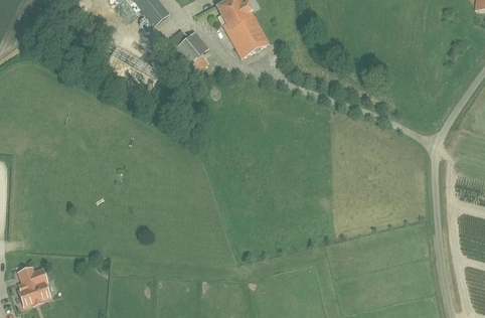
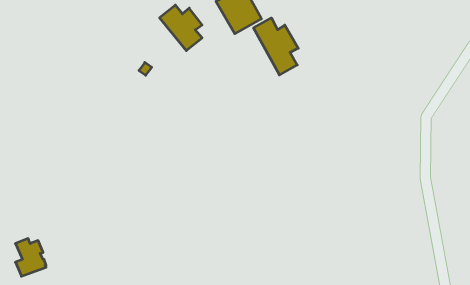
building: none -> [254,18,298,75]

